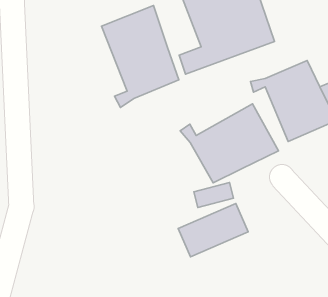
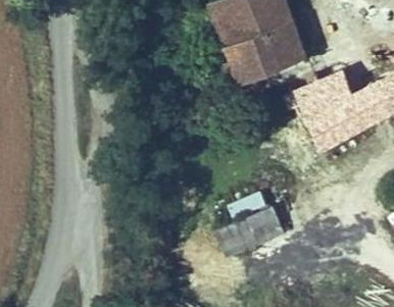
building: [101,5,179,107] -> none
building: [180,104,278,183] -> none

